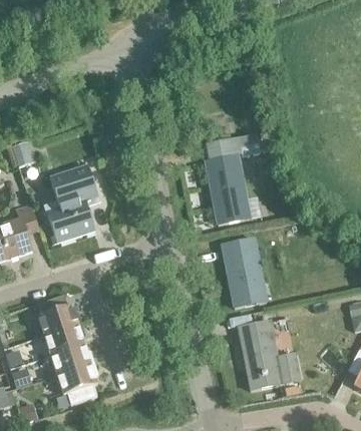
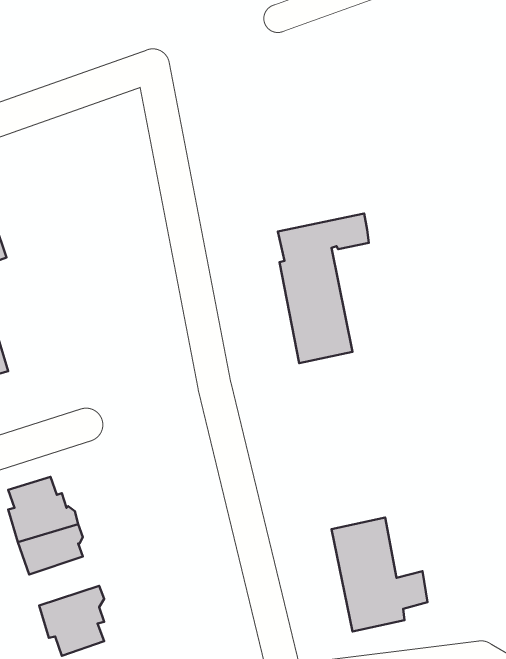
building: [46,164,96,242] -> none
building: [221,238,266,308] -> none
building: [50,344,93,374] -> none

